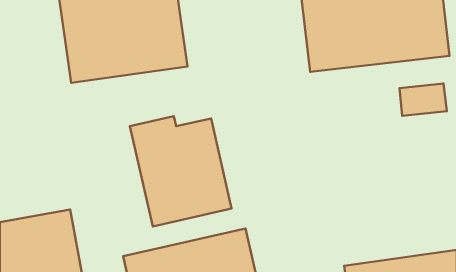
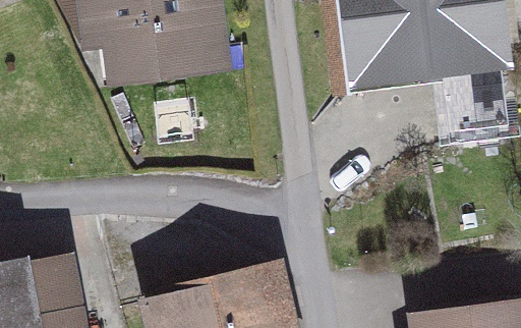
building: [130,116,232,227] -> none

